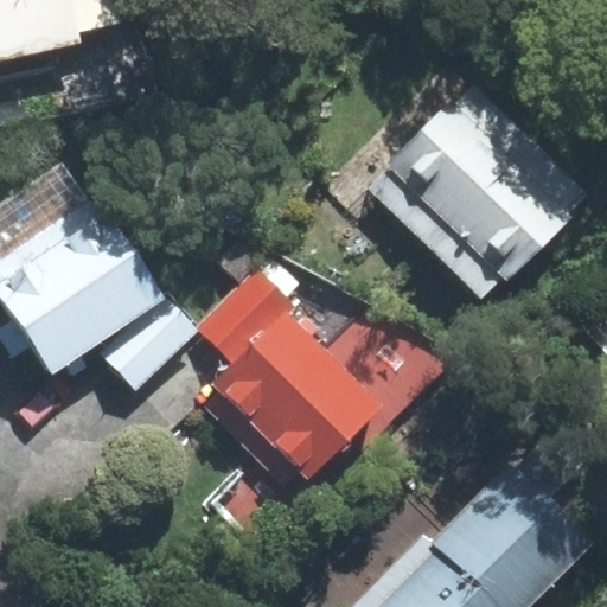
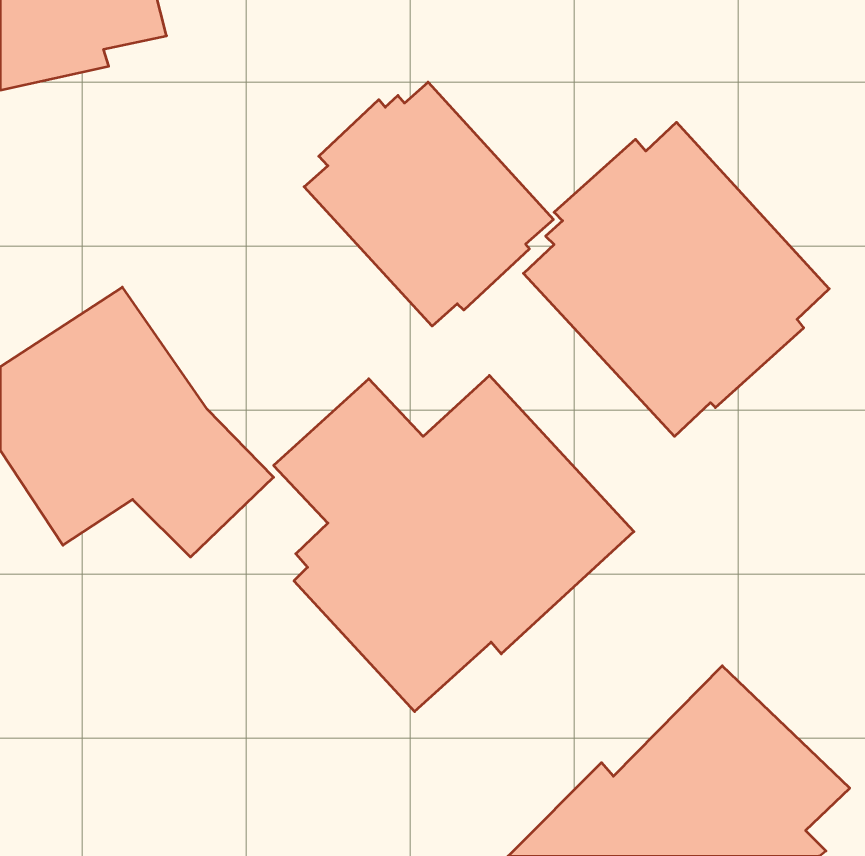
building: none -> [304,82,553,326]

